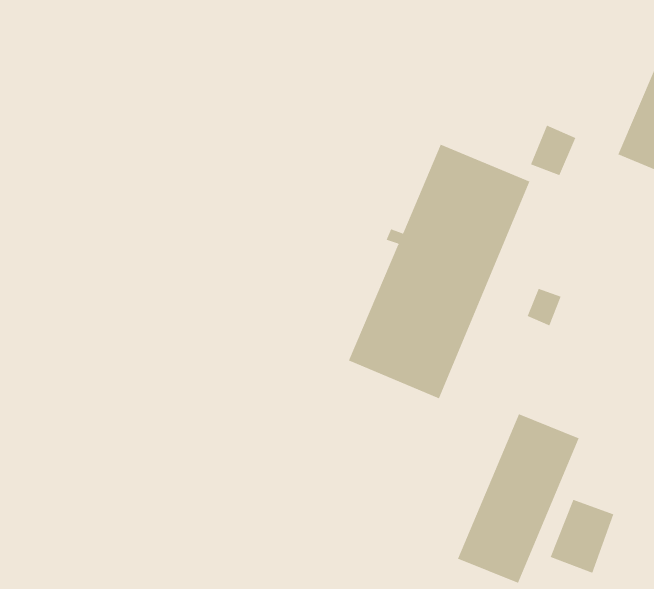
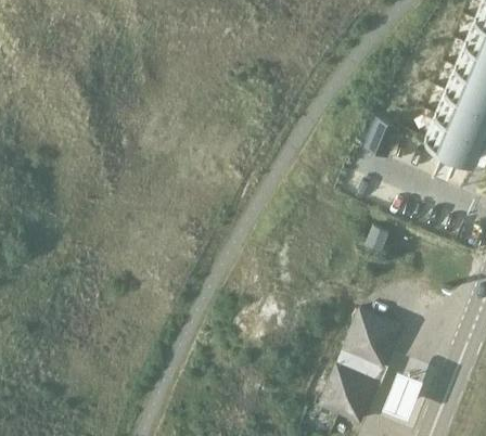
building: [348,144,530,399] -> none

